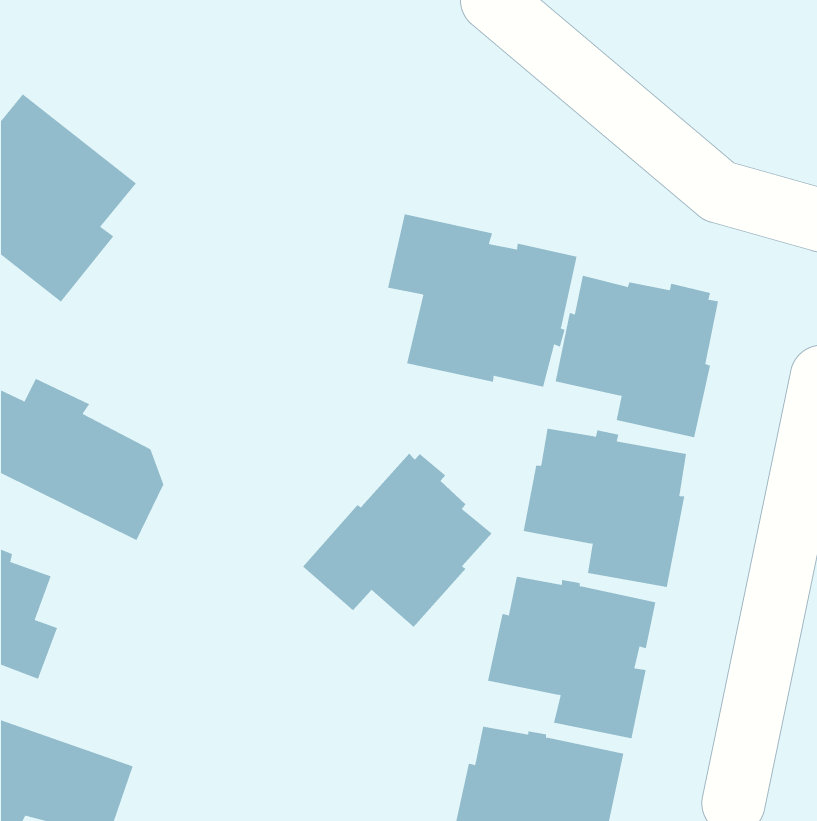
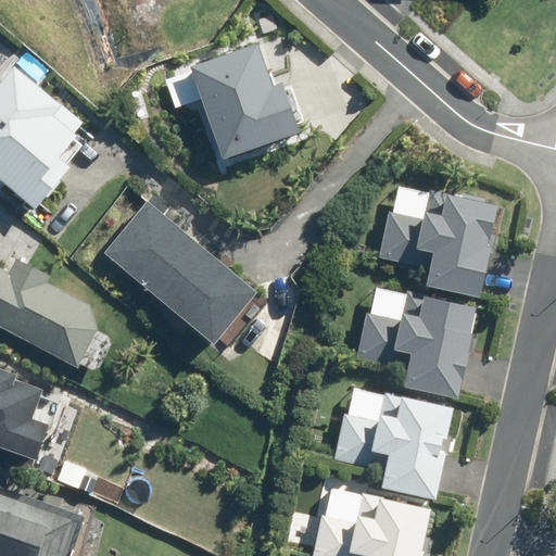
building: none -> [168,37,306,155]
building: [387,213,577,387] -> none
building: none -> [101,203,256,351]
building: [302,453,493,628] -> none

